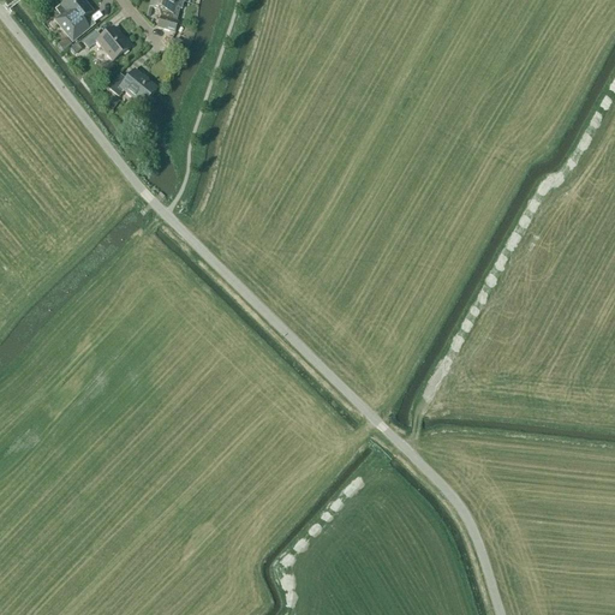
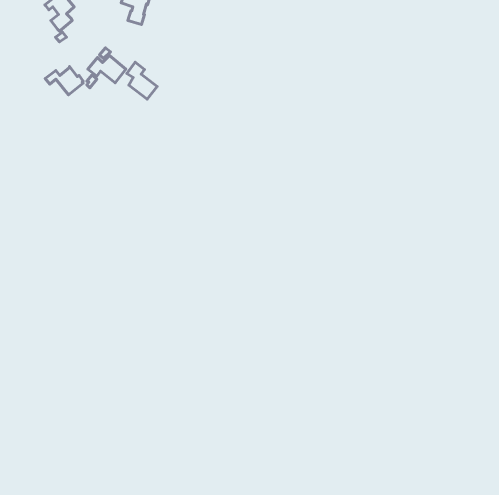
building: [83,24,130,59] -> [45,67,83,95]
building: none -> [127,62,157,99]

